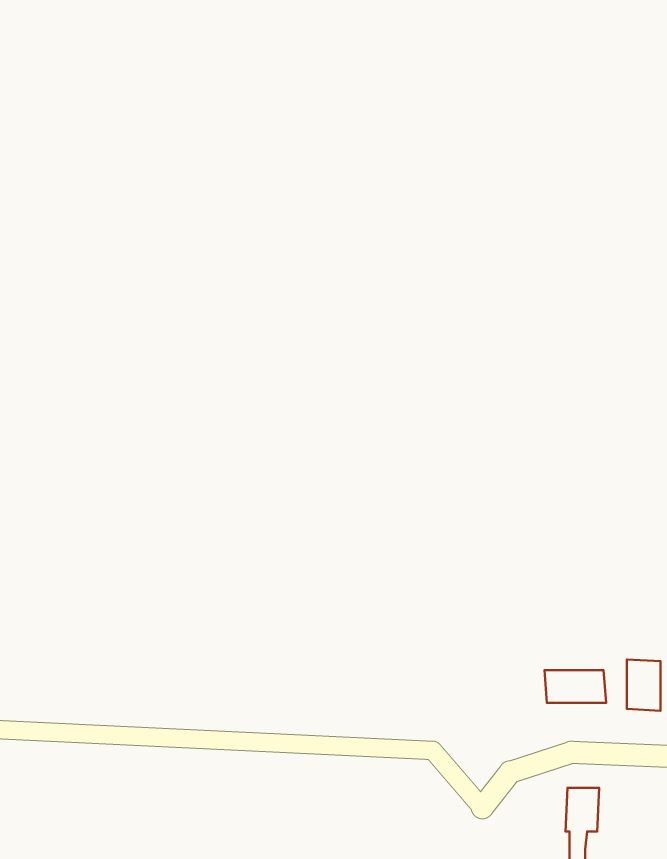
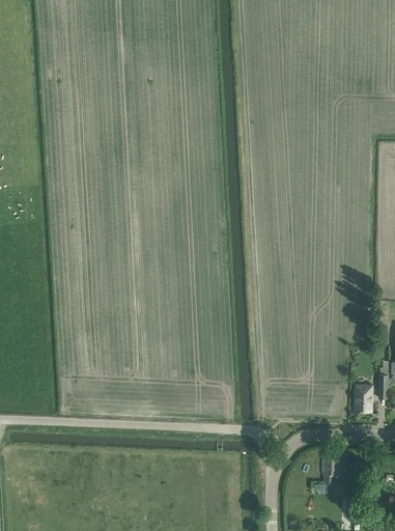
building: [544,670,606,703] -> none

